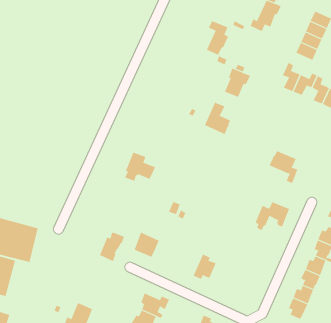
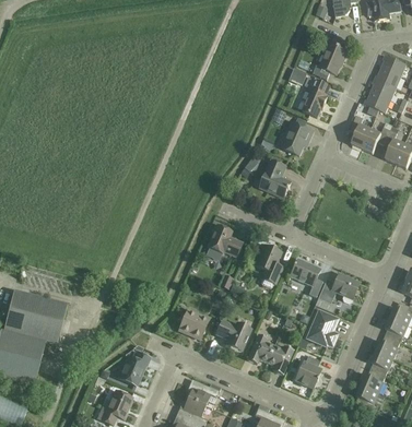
building: [206,20,229,56] -> [302,76,328,117]
building: [269,150,298,184] -> [287,259,321,297]
building: [124,152,156,181] -> [205,225,242,259]
building: none -> [255,245,281,288]
building: [99,232,125,262] -> [119,352,149,386]
building: none -> [306,310,337,346]
building: none -> [215,320,249,351]
building: none -> [266,345,292,375]
building: none -> [294,356,320,388]

